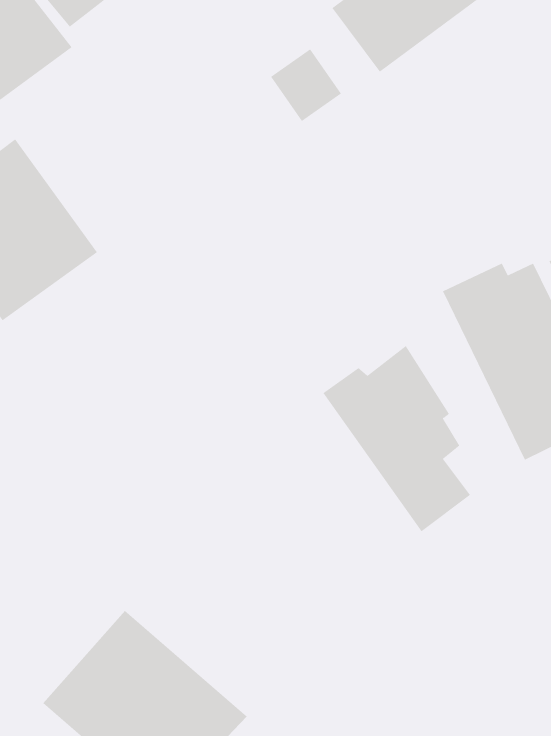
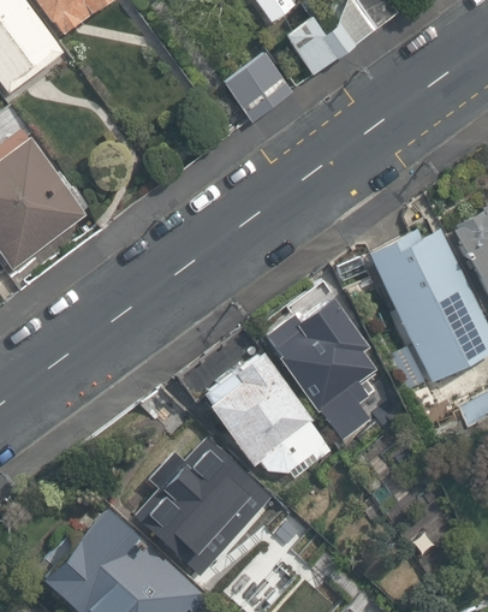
building: none -> [206,347,338,481]
building: none -> [135,435,273,574]

